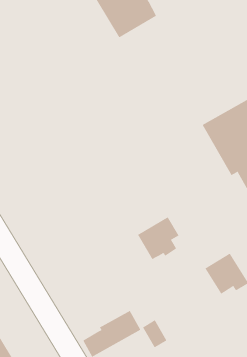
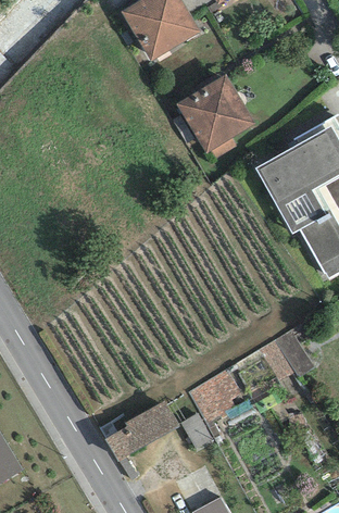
building: none -> [177,74,256,152]
building: [137,217,180,260] -> [188,368,241,423]

